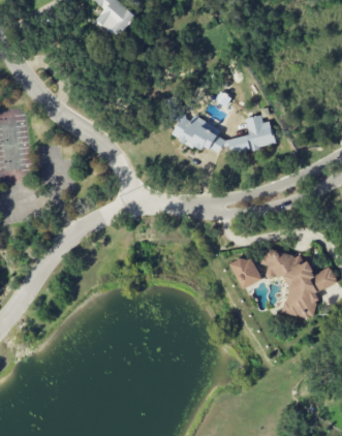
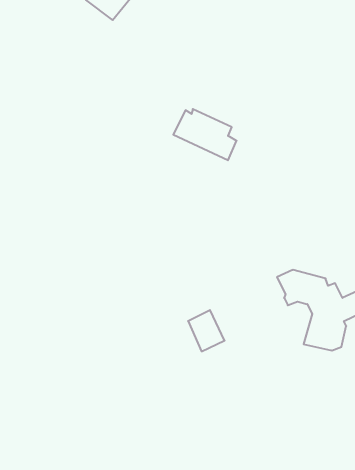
building: [226,115,274,154] -> none
building: [229,254,260,289] -> [188,310,225,351]

